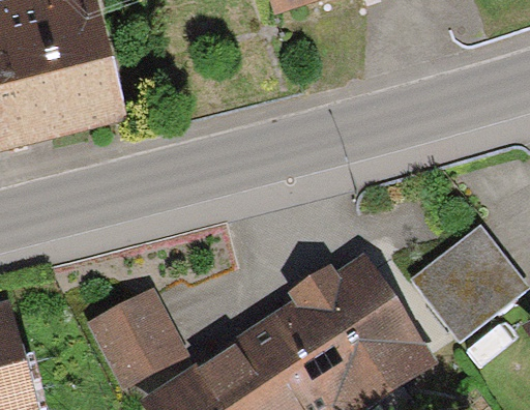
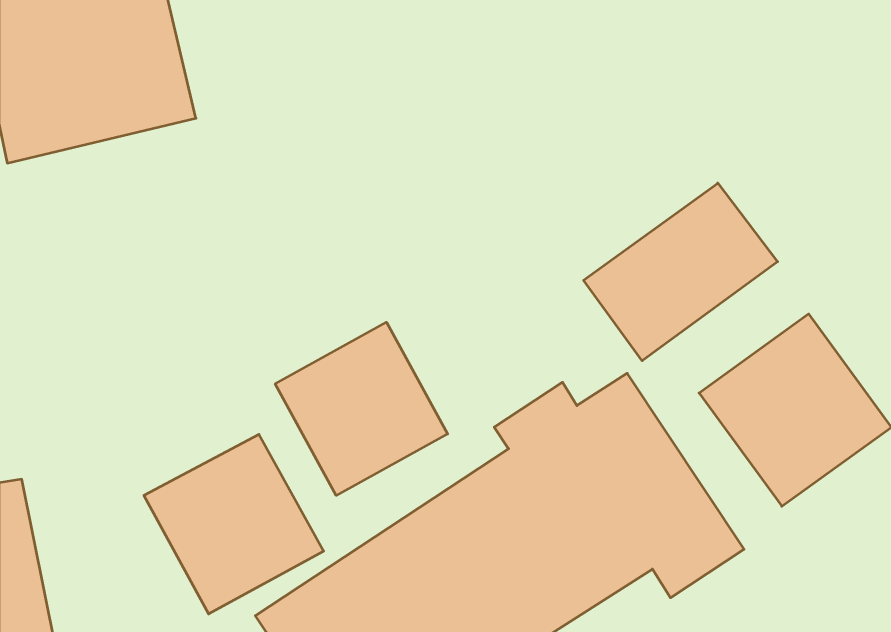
building: none -> [584,183,778,361]
building: none -> [275,322,448,495]

